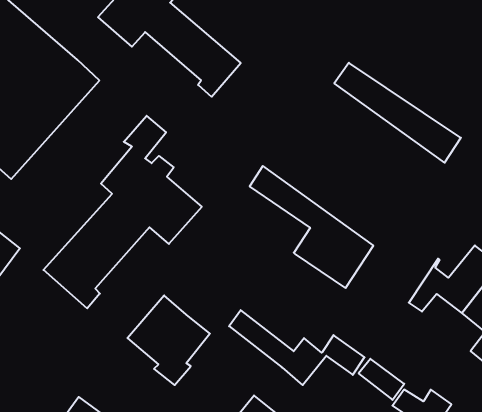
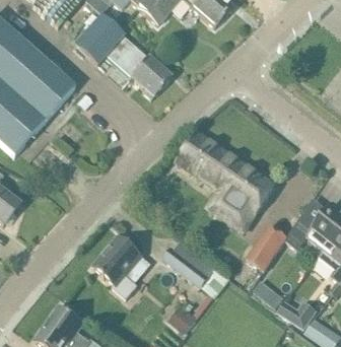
building: [334,63,461,163] -> [187,132,274,201]
building: [43,116,202,308] -> none
building: none -> [245,221,286,268]

